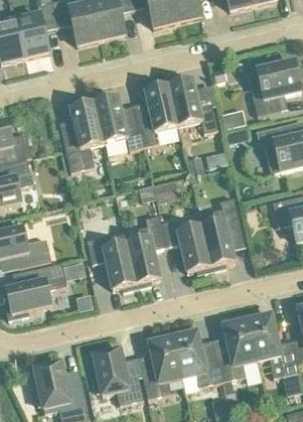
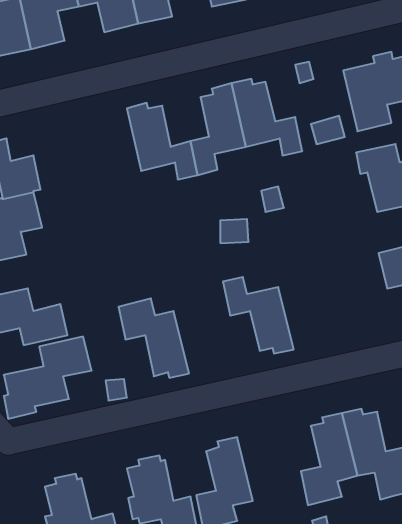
building: [64,99,104,171] -> none
building: [201,197,242,270] -> none
building: [127,215,167,287] -> none
building: [172,329,222,386] -> none

